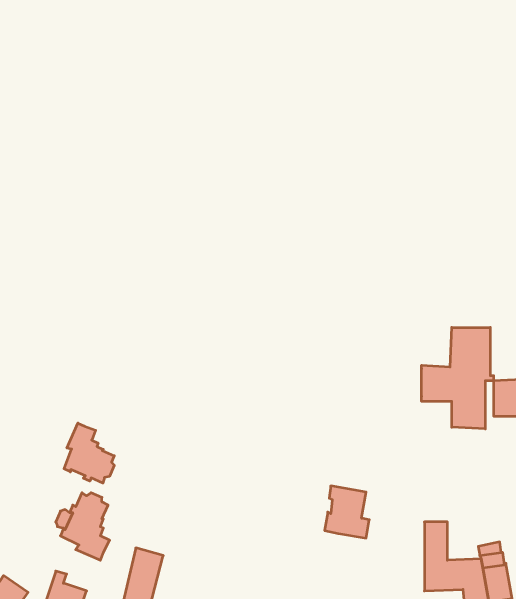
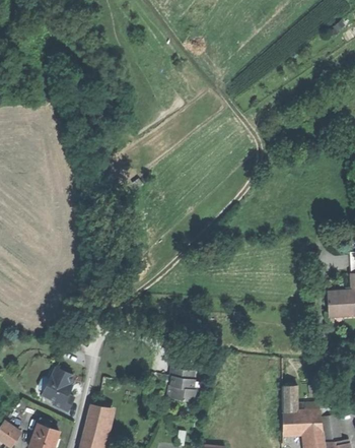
building: [422,327,494,429] -> none
building: [64,423,114,483] -> none
building: [325,486,369,538] -> [166,366,196,400]

